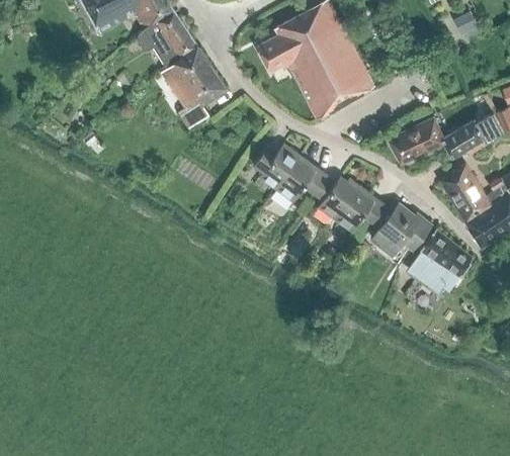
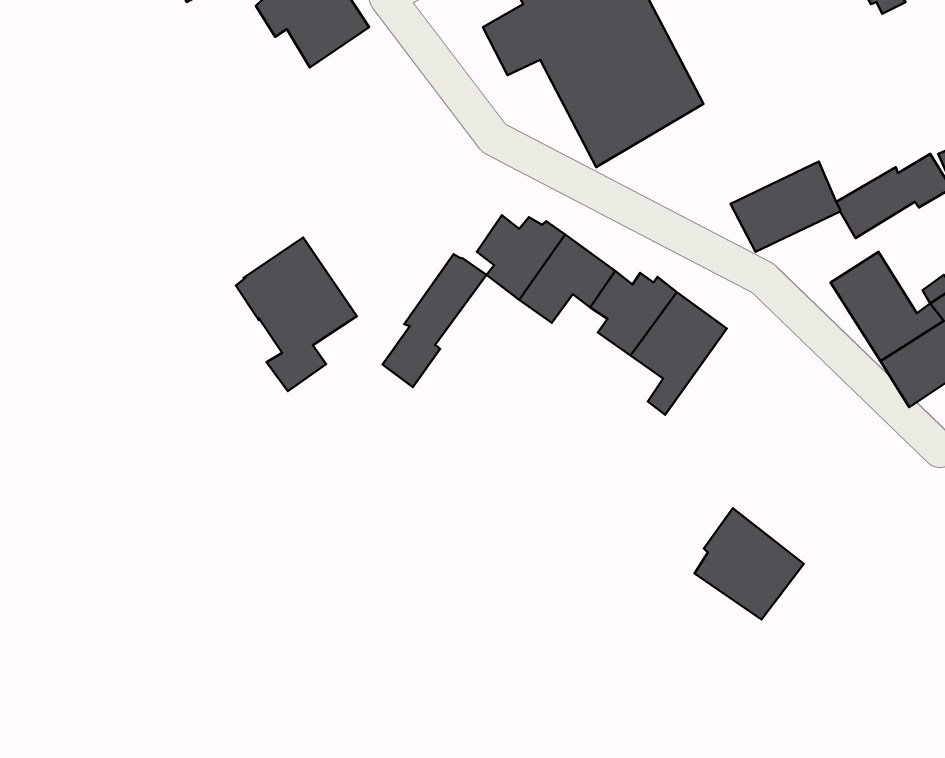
building: [162,47,226,127] -> [236,237,357,391]
building: none -> [382,254,487,387]
building: [370,202,433,256] -> none
building: [416,229,474,287] -> [694,508,804,620]

